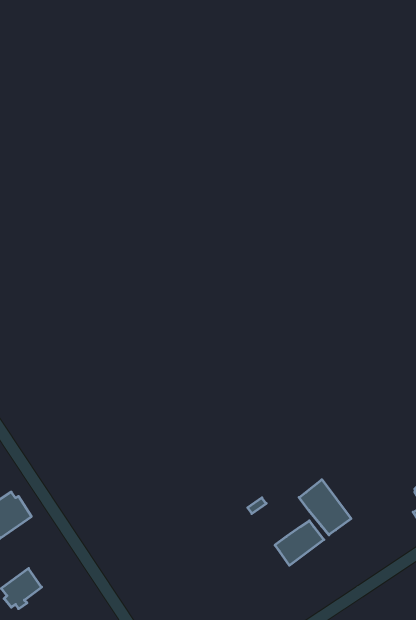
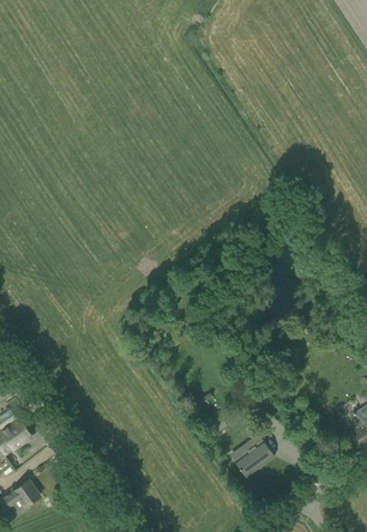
building: [299,480,351,535] -> none

